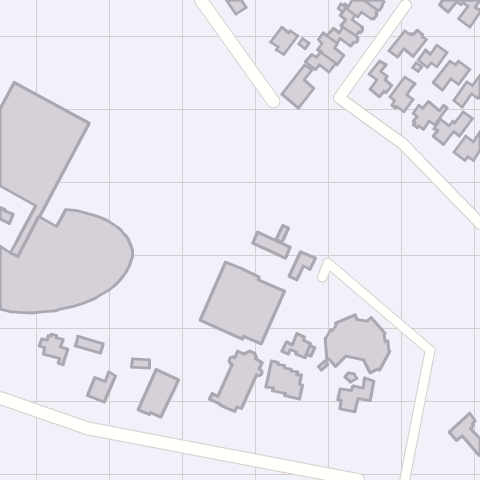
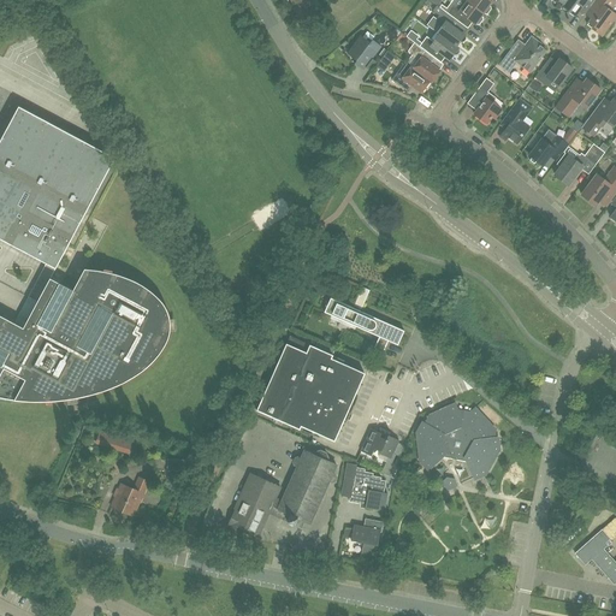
building: [282,65,314,108] -> none
building: [39,334,68,365] -> none
building: [138,369,179,417] -> [229,473,280,534]
building: [338,378,374,412] -> none
building: none -> [344,525,380,556]

